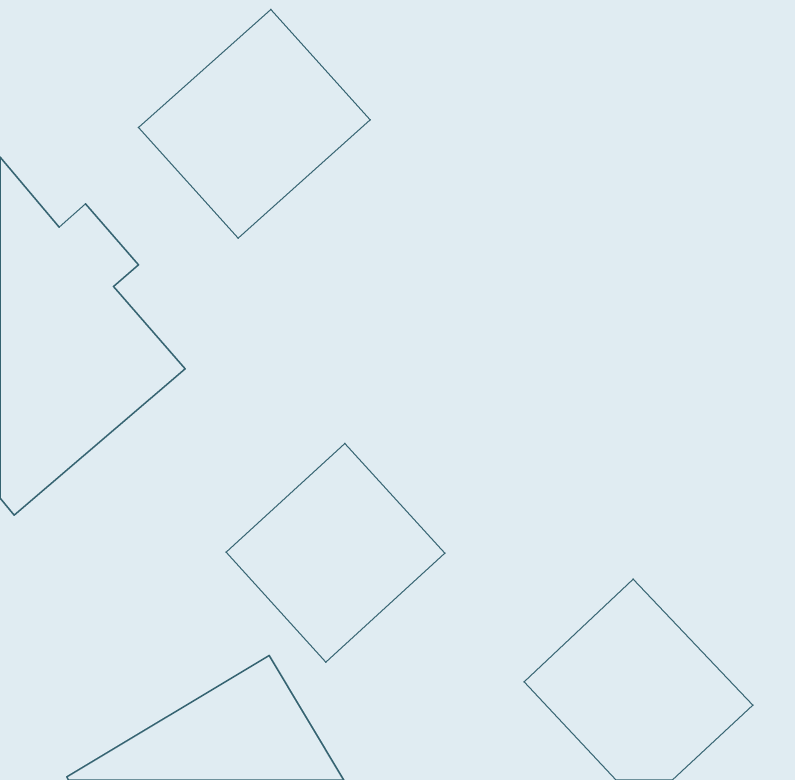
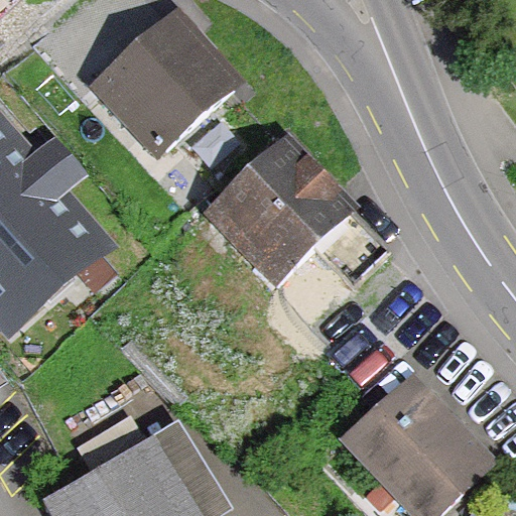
building: none -> [203,141,384,289]
building: [226,443,445,662] -> none

